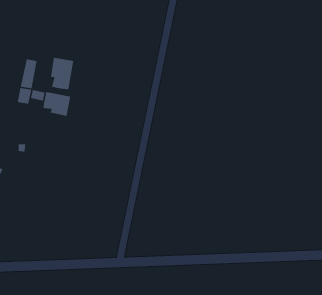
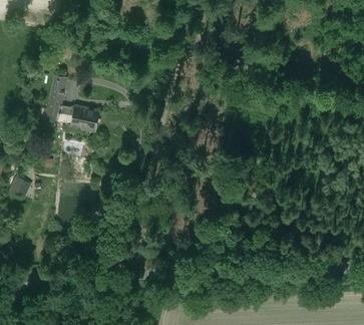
building: [50,57,74,91] -> none

